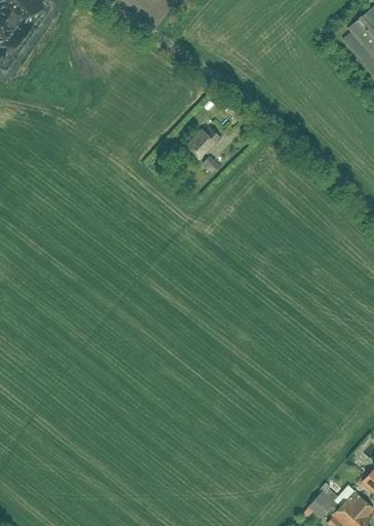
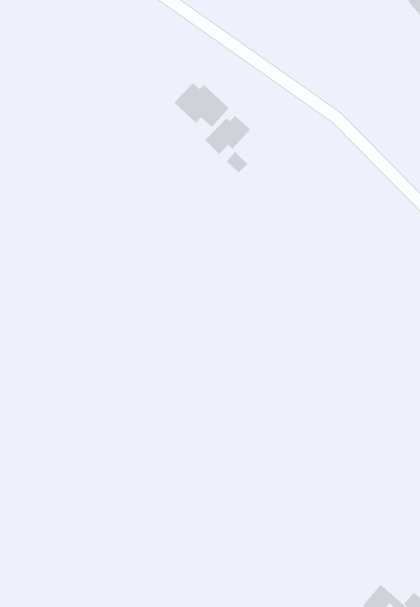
building: none -> [174,82,229,128]

